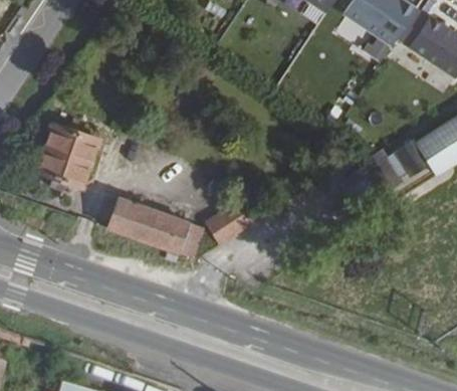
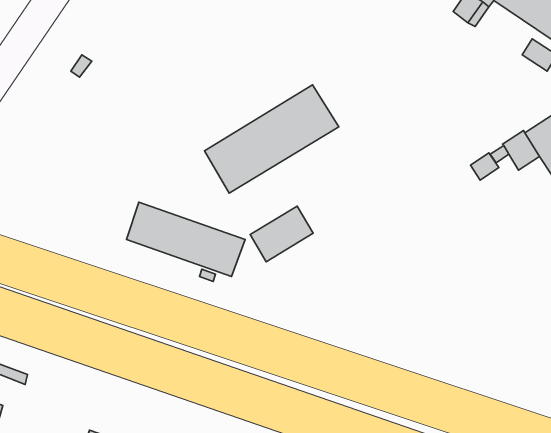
building: none -> [204,85,339,193]
building: [34,115,96,190] -> none

